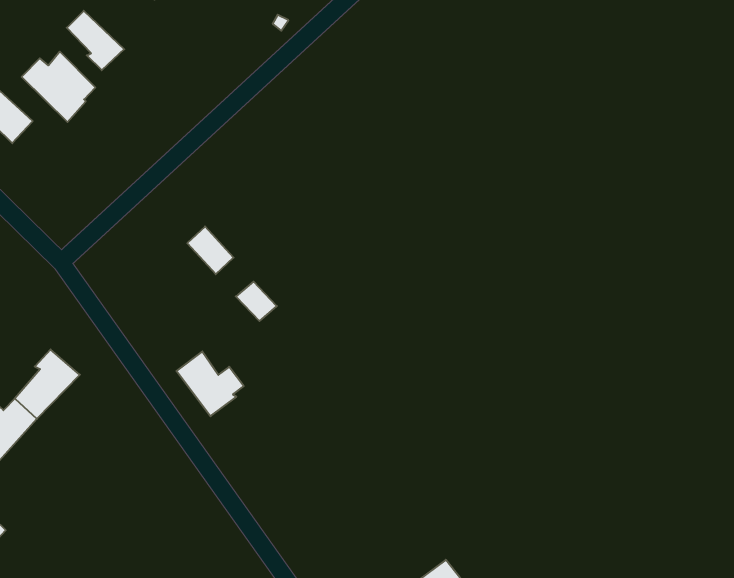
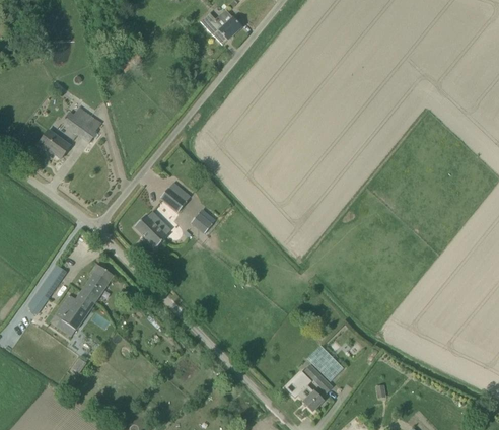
building: [67,11,124,70] -> none
building: [176,351,244,416] -> [134,214,170,247]

